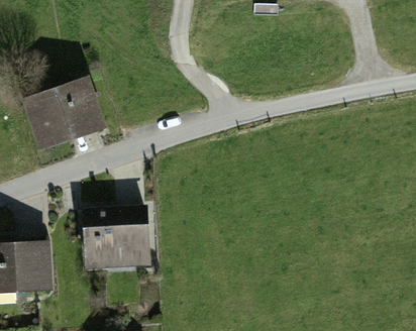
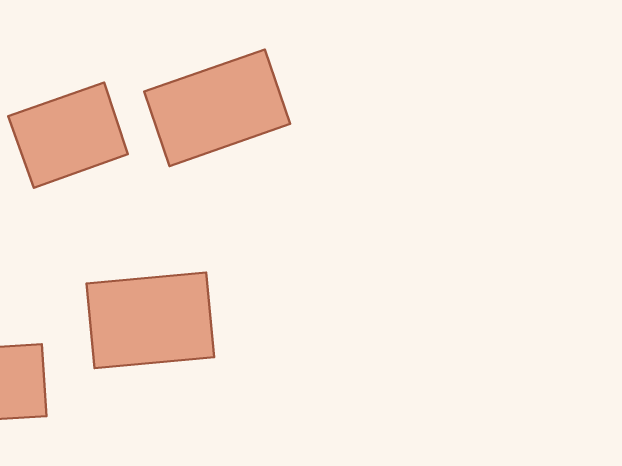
building: none -> [144,49,290,166]

